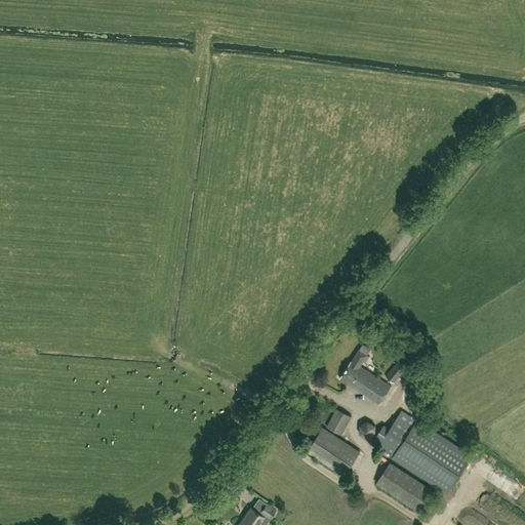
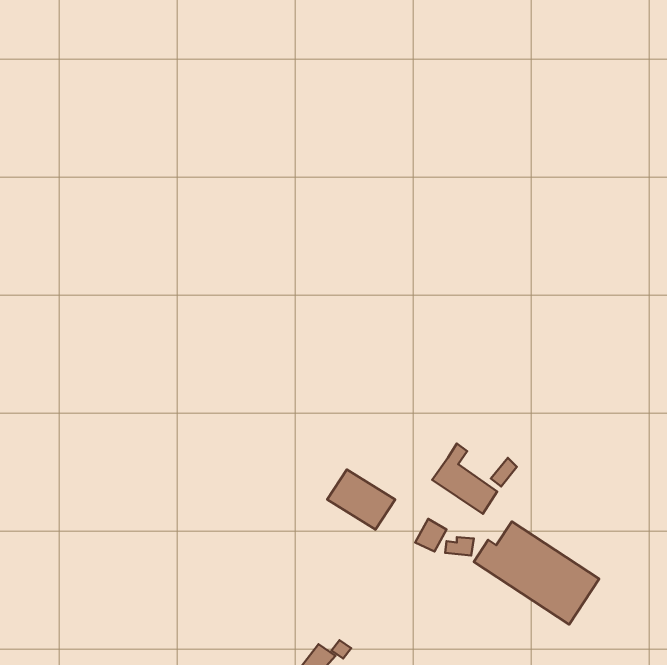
building: [307,429,360,476] -> [327,470,395,530]
building: [376,463,431,511] -> none

